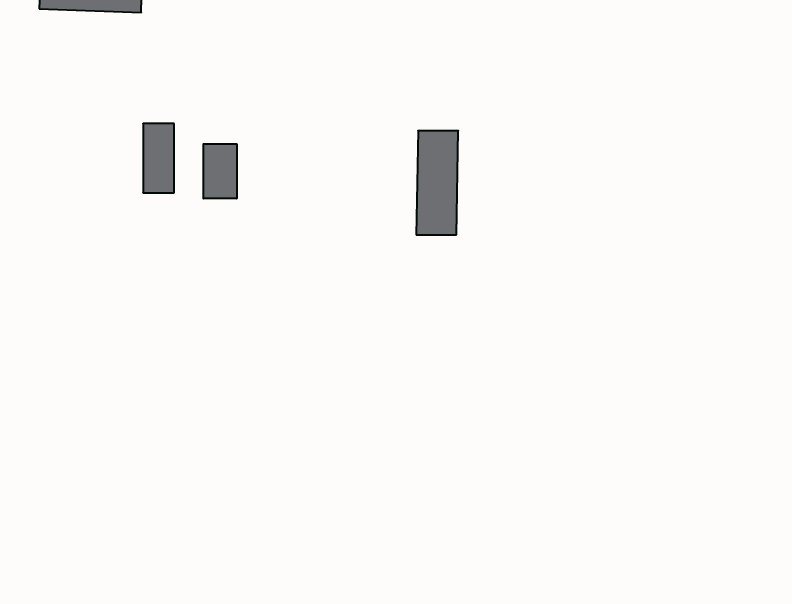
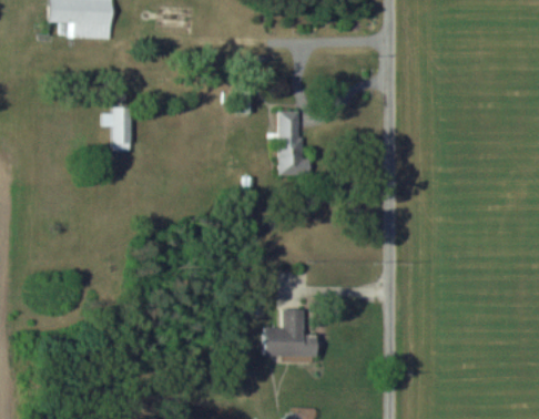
building: [203,144,237,199] -> none
building: none -> [264,308,315,356]

